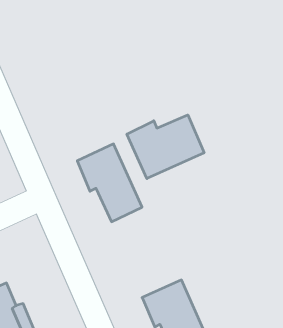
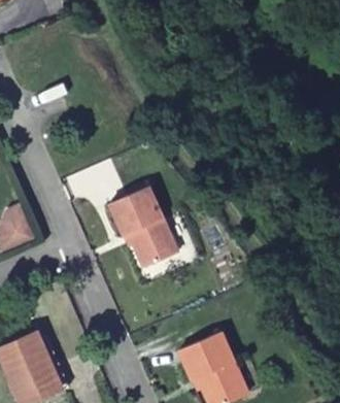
building: [127,115,204,179] -> none

